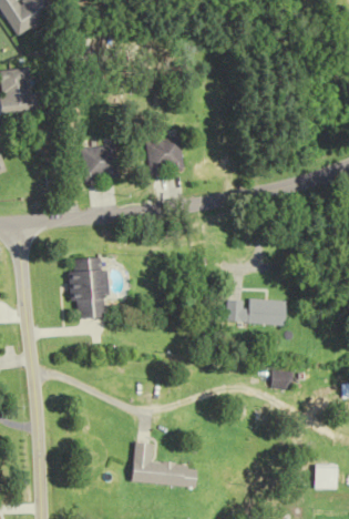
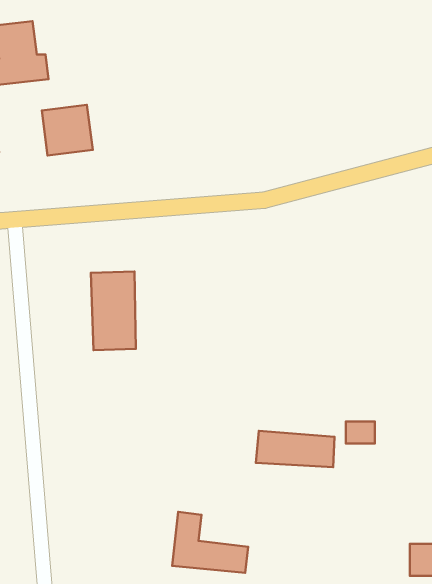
building: [142,138,177,173] -> none
building: [79,142,117,181] -> [42,105,93,156]
building: [220,297,280,325] -> [256,431,335,467]

